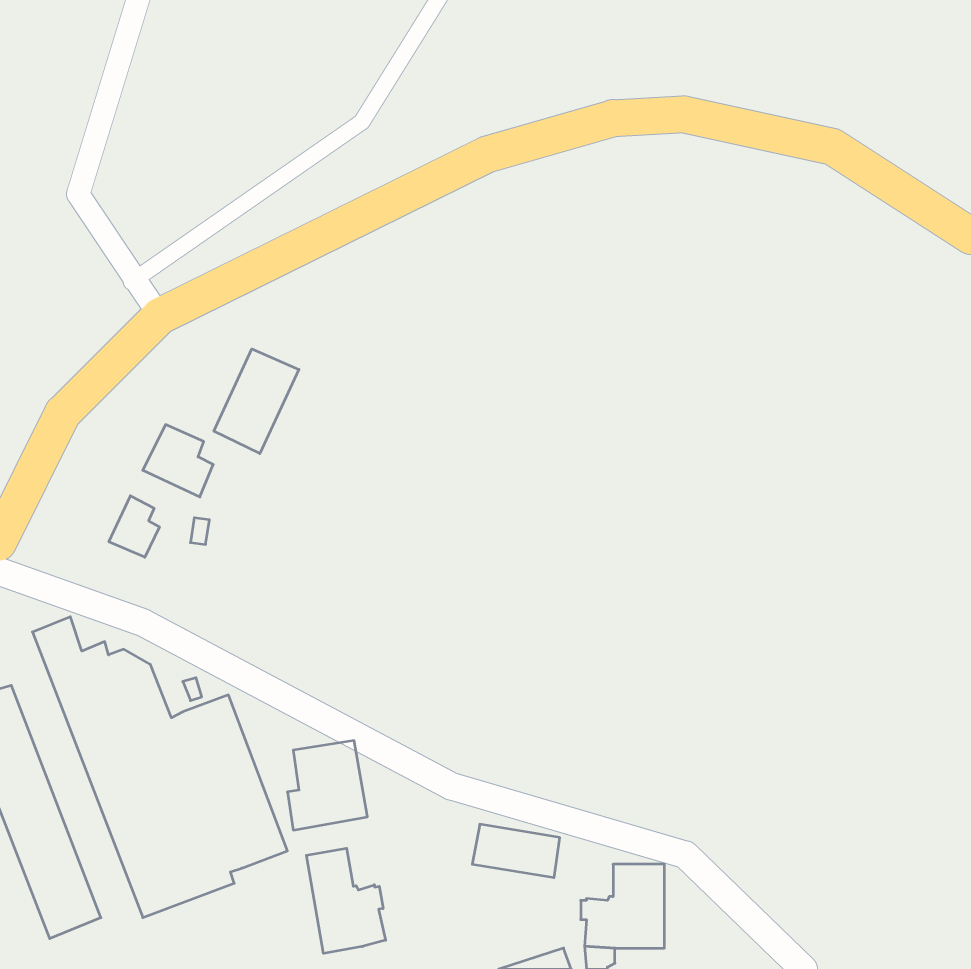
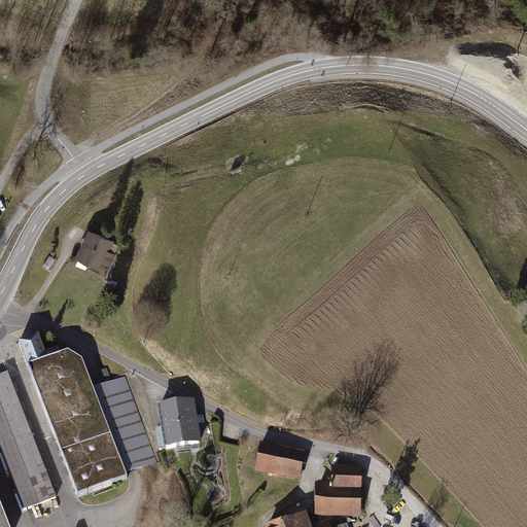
building: [214,349,299,454] -> none
building: [109,496,159,557] -> none
building: [306,848,386,953] -> none

